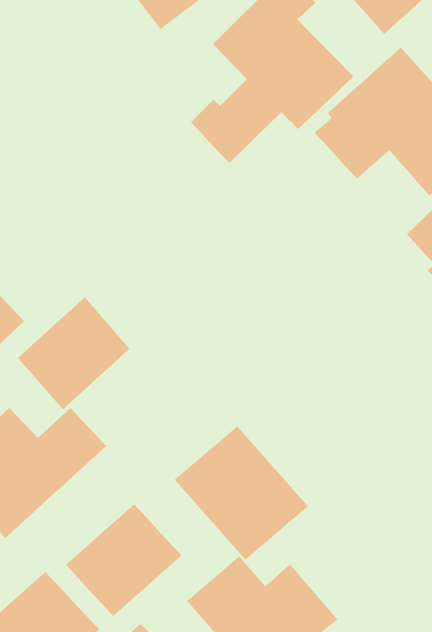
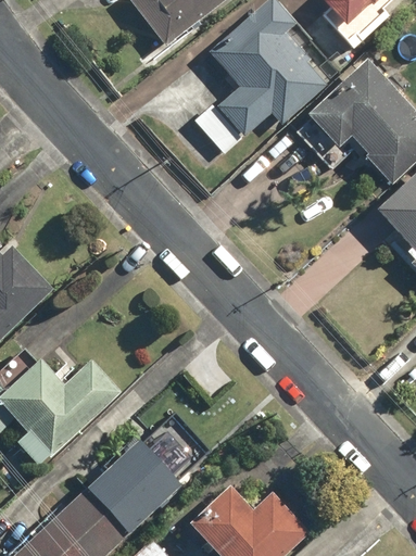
building: [17,296,130,410] -> none
building: [174,426,309,560] -> none

